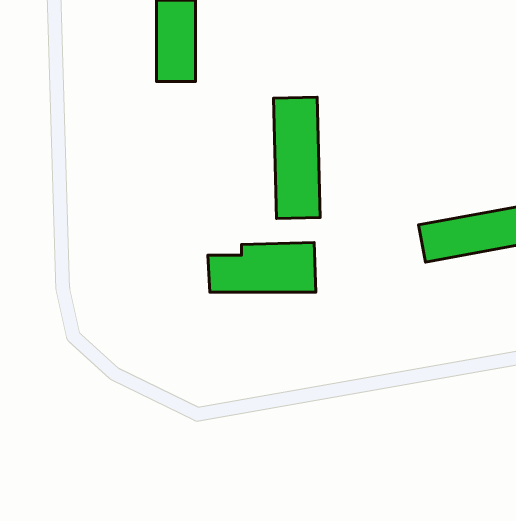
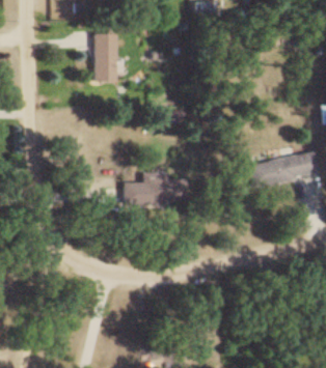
building: [274,97,320,218] -> none

